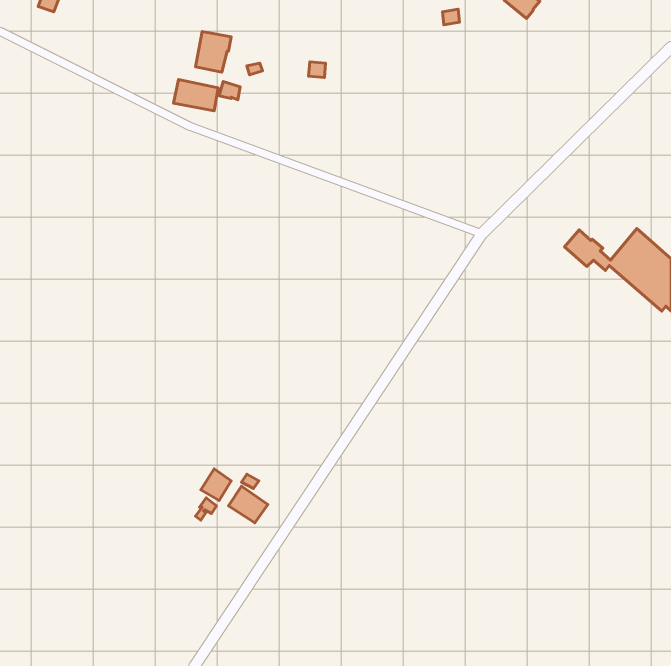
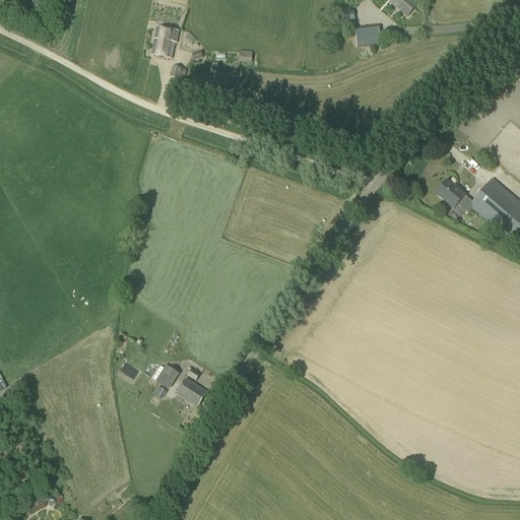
building: none -> [356,22,380,45]
building: [173,79,218,111] -> none

